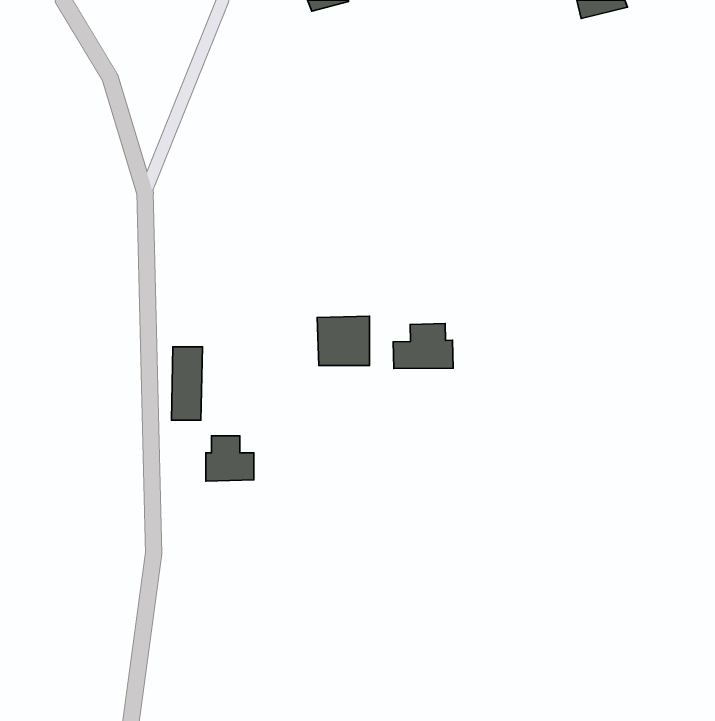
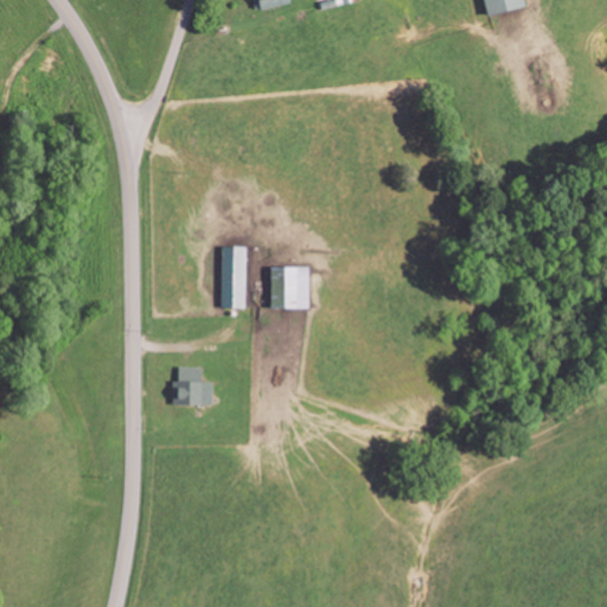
building: [393,324,453,369] -> none
building: [171,347,202,420] -> [221,245,247,307]

